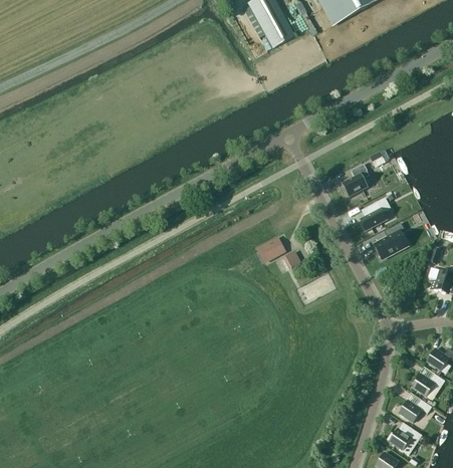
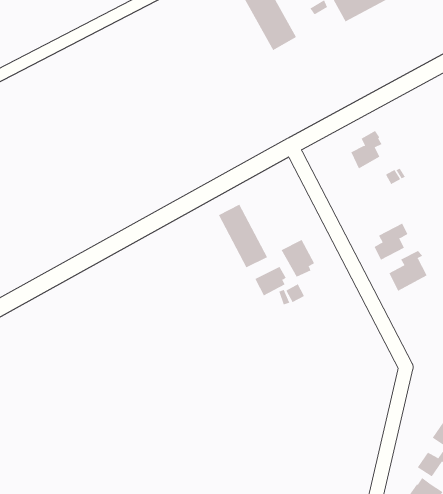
building: [341,163,369,197] -> [350,130,383,169]
building: none -> [218,204,268,268]
building: none -> [281,239,315,278]

